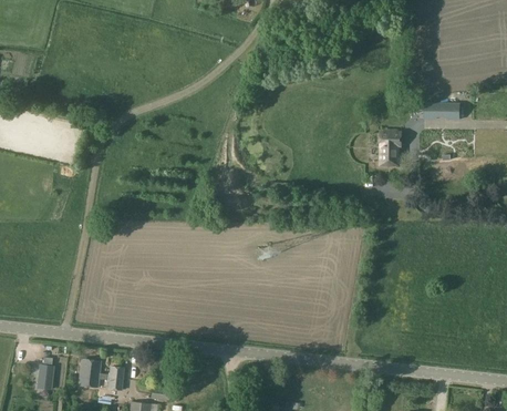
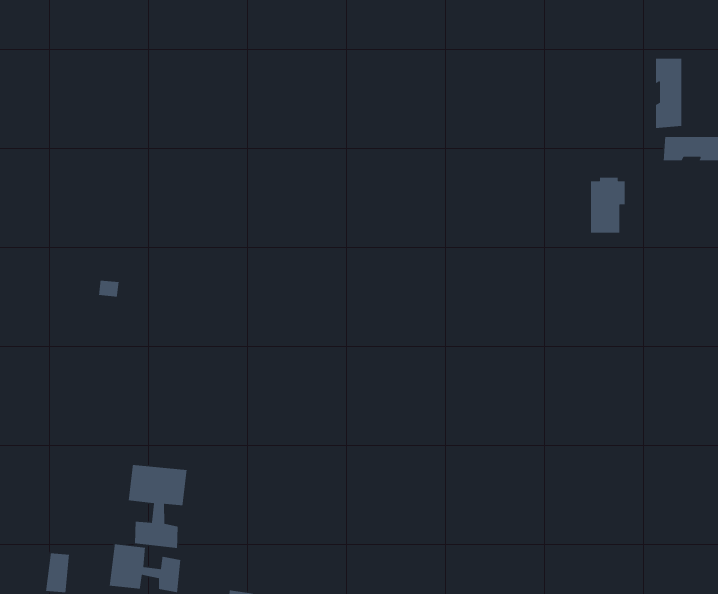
building: none -> [655,58,682,129]
building: none -> [128,464,187,549]

